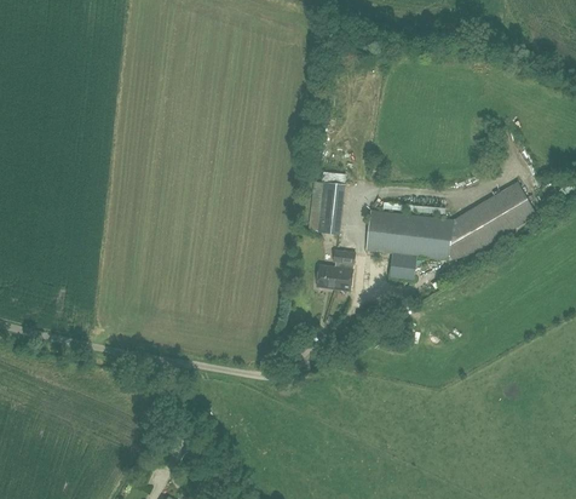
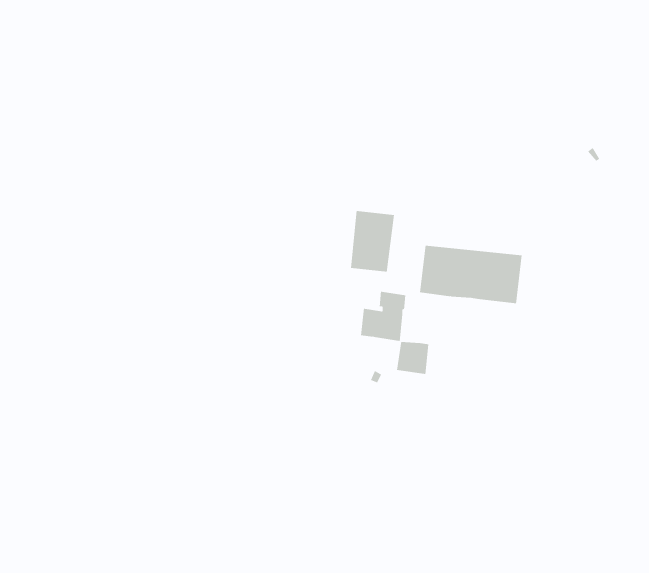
building: [448,180,536,259] -> none
building: [388,253,416,281] -> [396,341,429,374]

